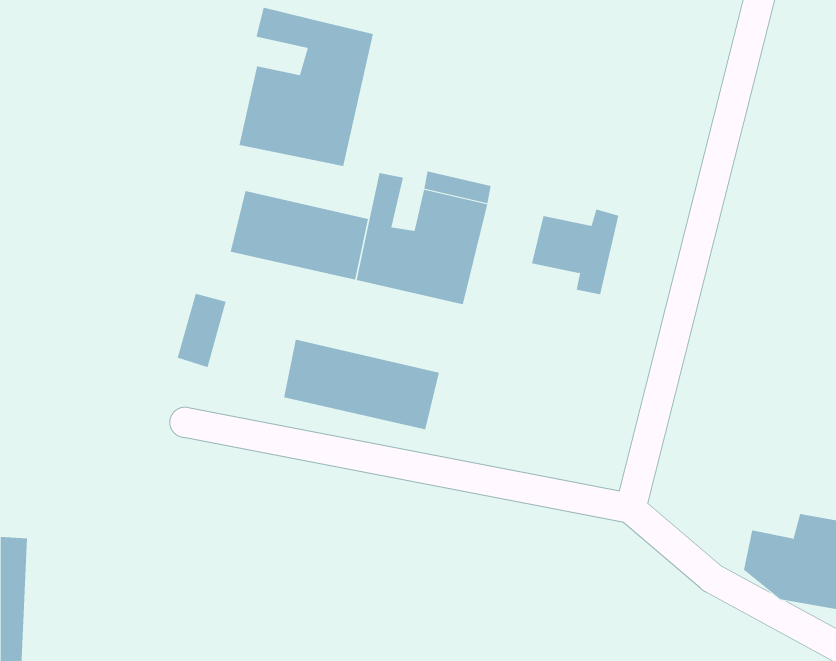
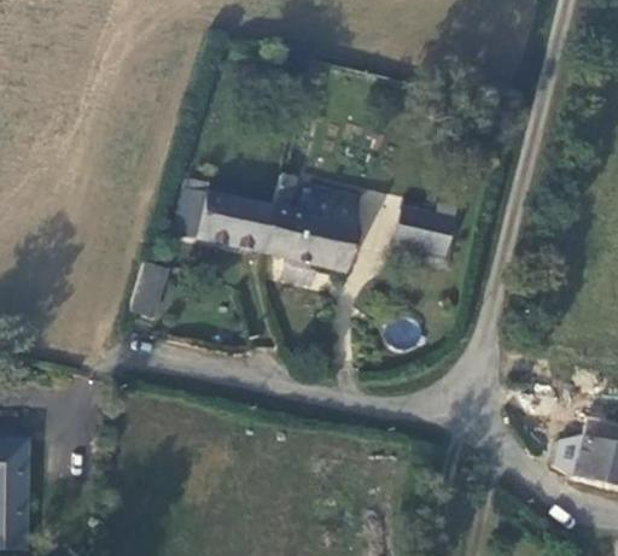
building: [239,7,373,167] -> none
building: [283,339,439,430] -> none

